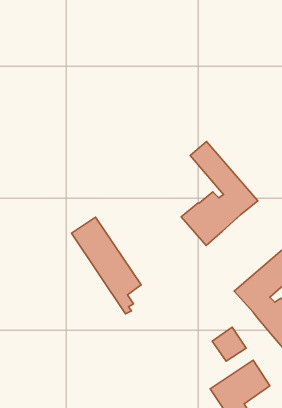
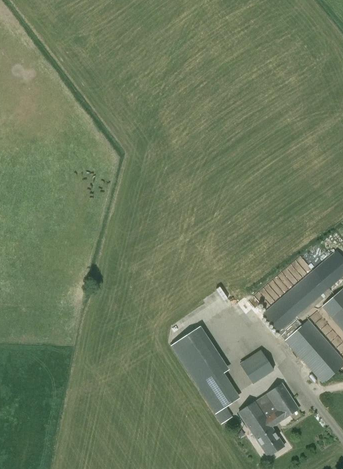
building: [181,141,258,245] -> none
building: [72,217,141,314] -> [170,329,240,426]

